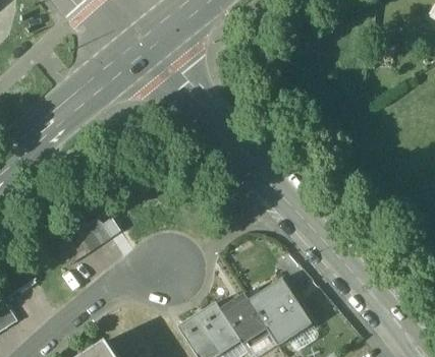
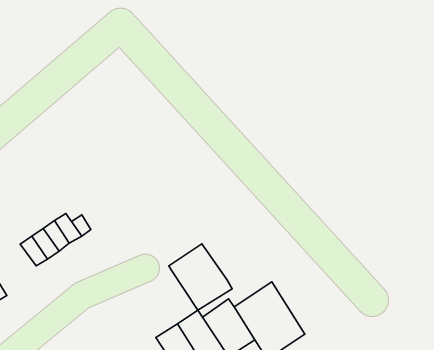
building: none -> [169,244,232,310]

